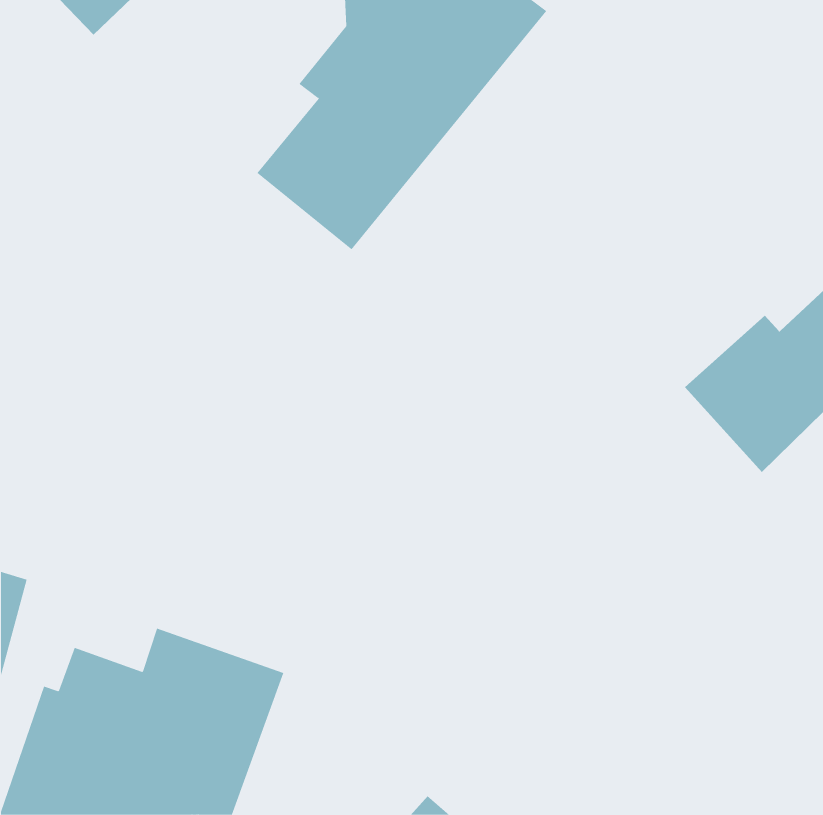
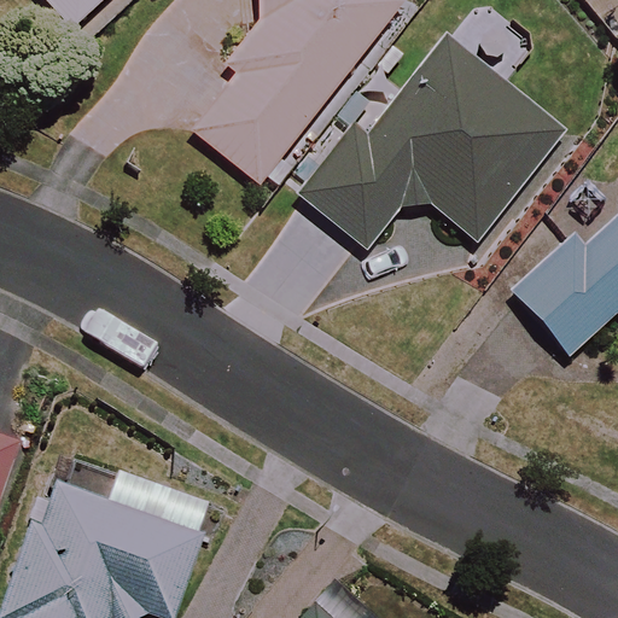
building: none -> [298,37,560,246]

